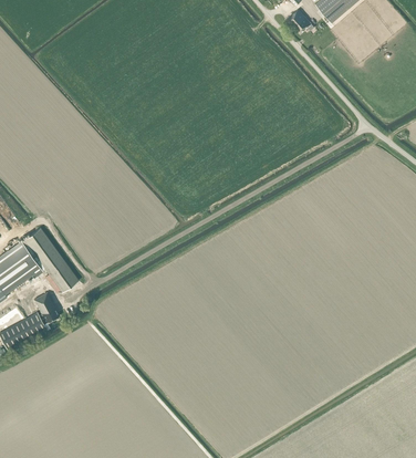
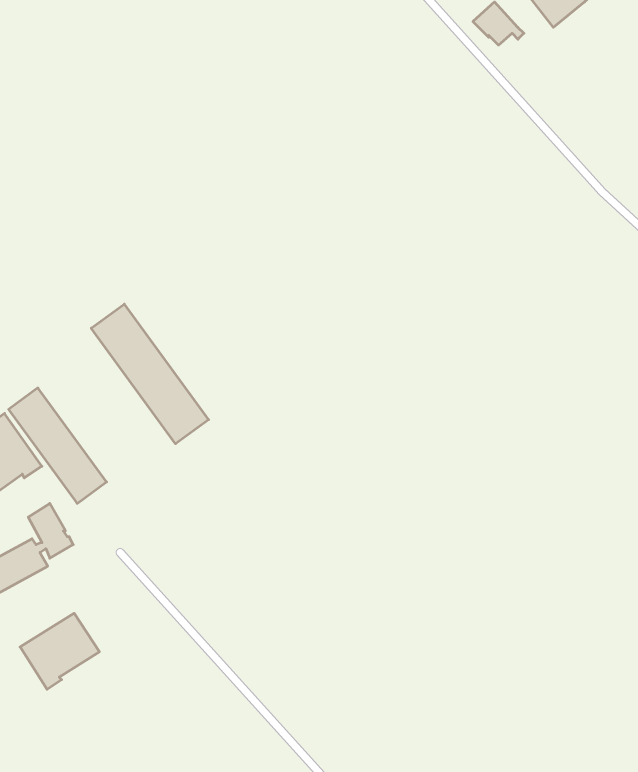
building: none -> [91,304,209,444]
building: none -> [20,613,99,689]

